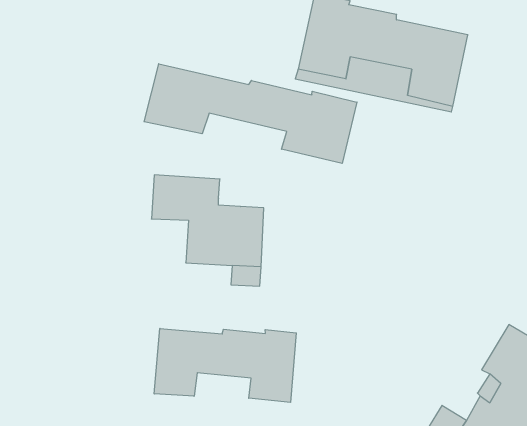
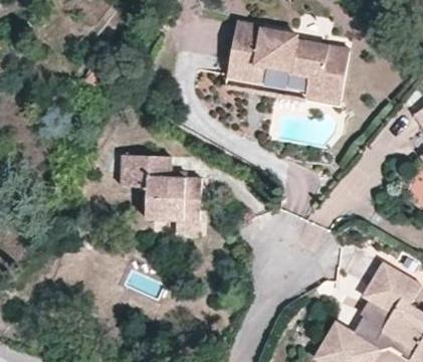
building: [144,64,357,163] -> none
building: [154,328,296,402] -> none

